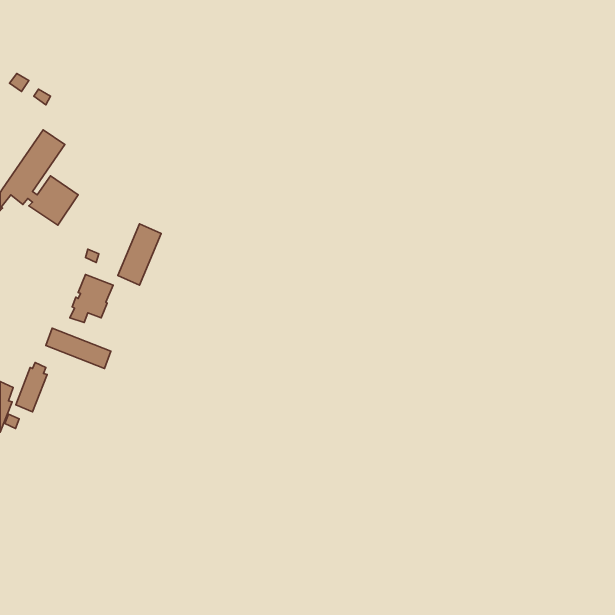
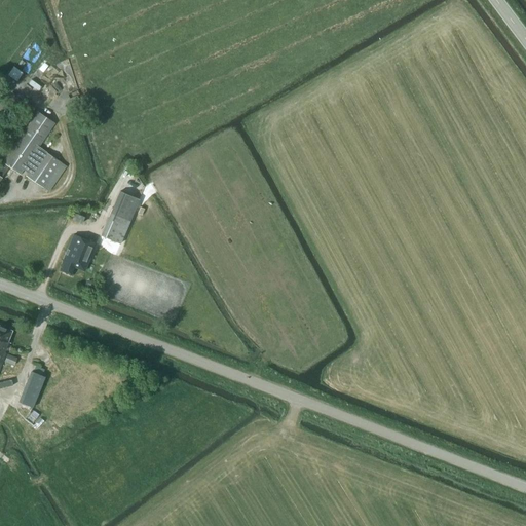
building: [46,328,111,369] -> none
building: [16,363,47,412] -> [18,366,45,408]

